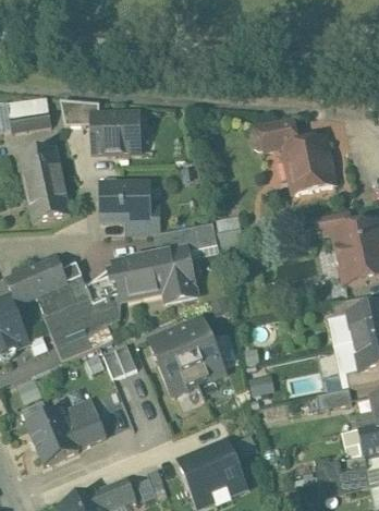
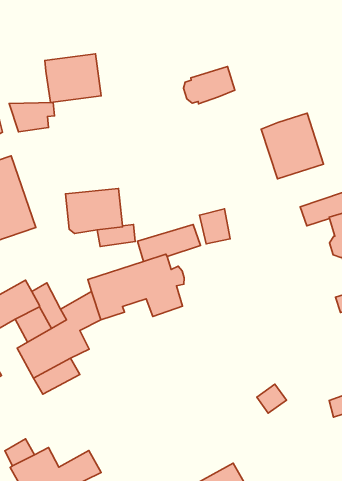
building: [93,113,139,153] -> [45,54,101,103]
building: [252,120,297,150] -> [183,67,235,104]
building: [149,318,224,393] -> none
building: [102,344,137,378] -> none
building: [62,399,98,428] -> none

